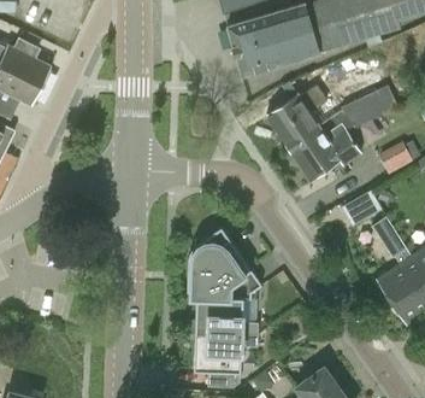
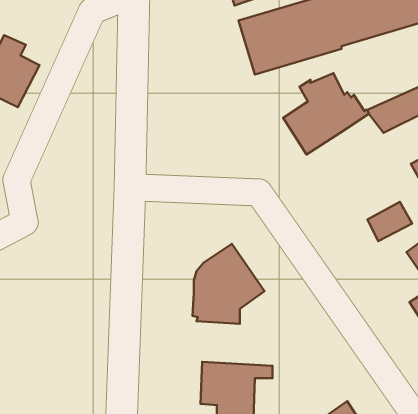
building: [288,115,362,180] -> none
building: [190,269,261,335] -> none

